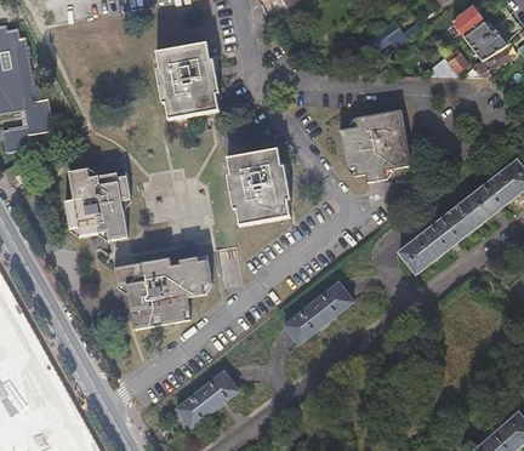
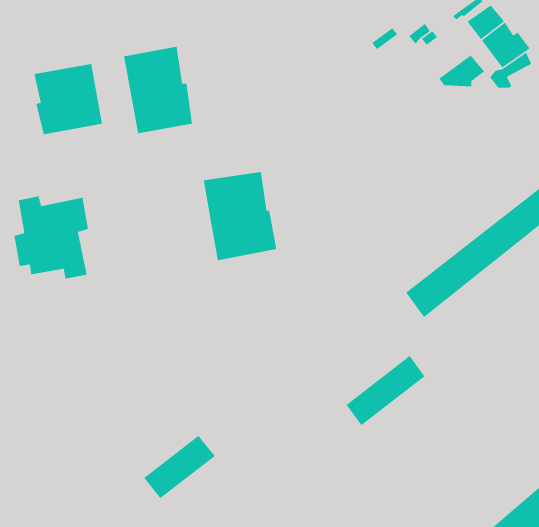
building: none -> [34,63,103,135]
building: [340,109,410,188] -> none
building: [115,253,211,327] -> none
building: [284,282,352,343] -> [346,355,425,426]

